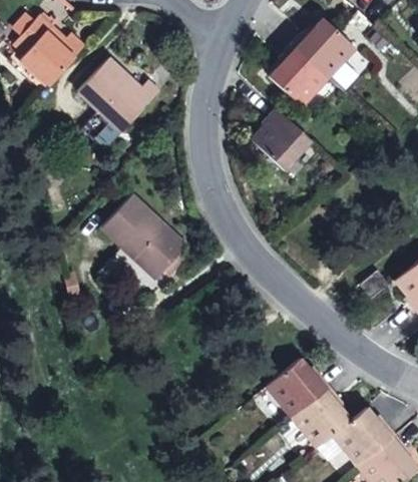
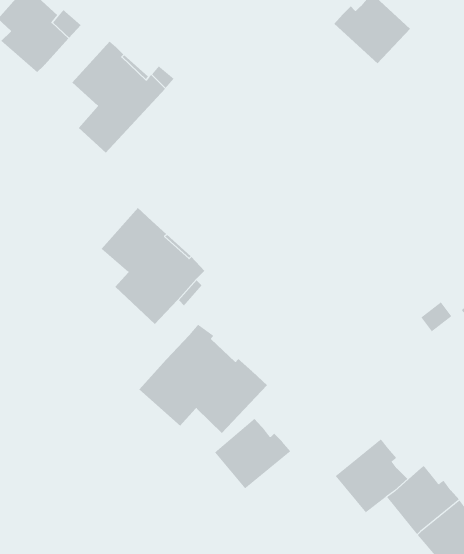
building: [270,44,328,106] -> none
building: [254,107,311,169] -> none
building: none -> [139,324,268,434]
building: [268,357,331,415] -> [214,418,291,489]

